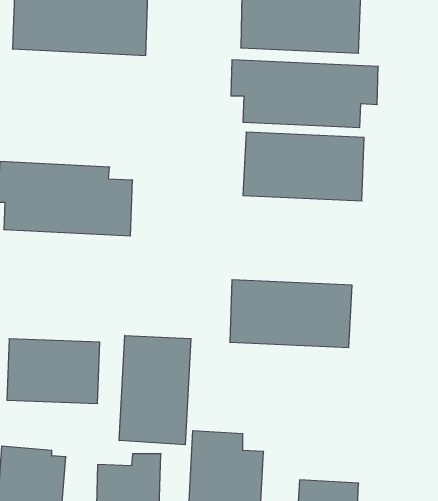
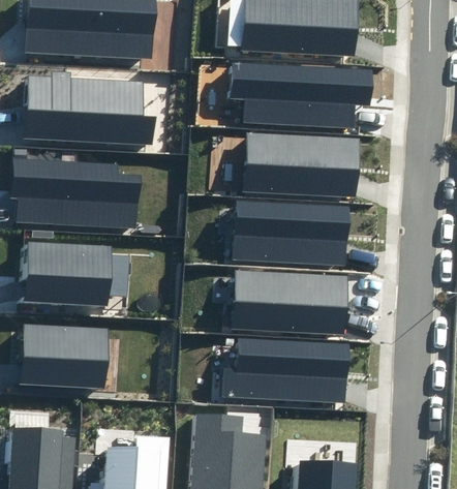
building: none -> [23,70,156,145]
building: none -> [231,203,349,265]
building: none -> [25,242,130,305]
building: [119,335,191,445] -> none
building: none -> [221,338,347,402]

